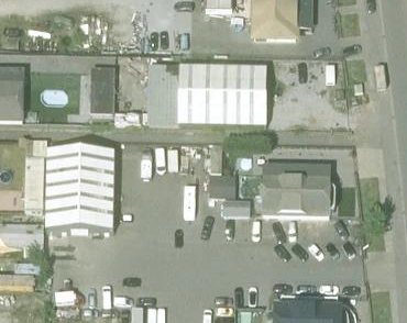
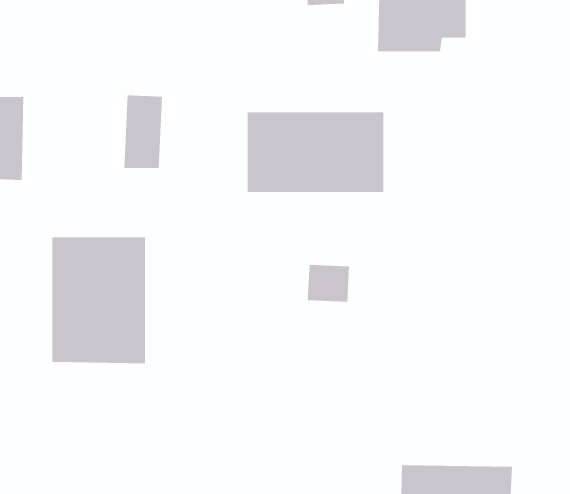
building: [251,159,329,214] -> none

